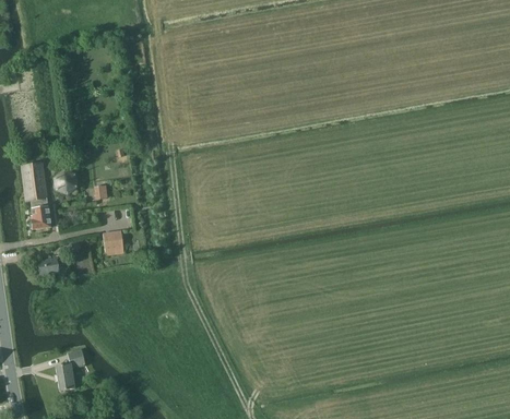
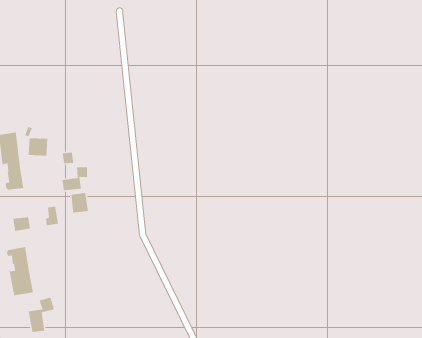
building: none -> [62,166,88,191]
building: none -> [6,246,34,296]

